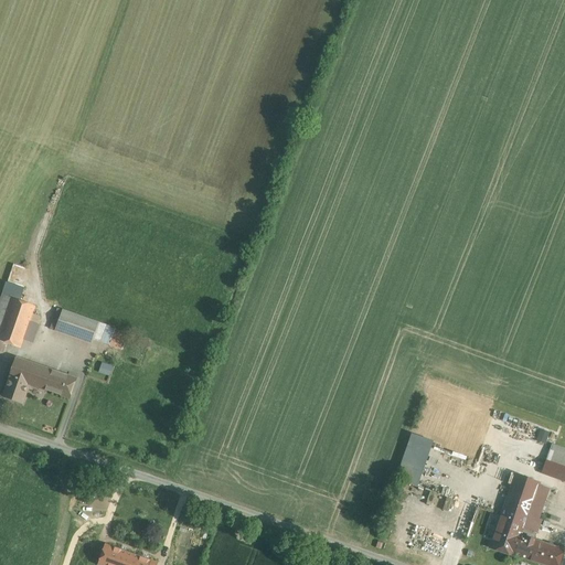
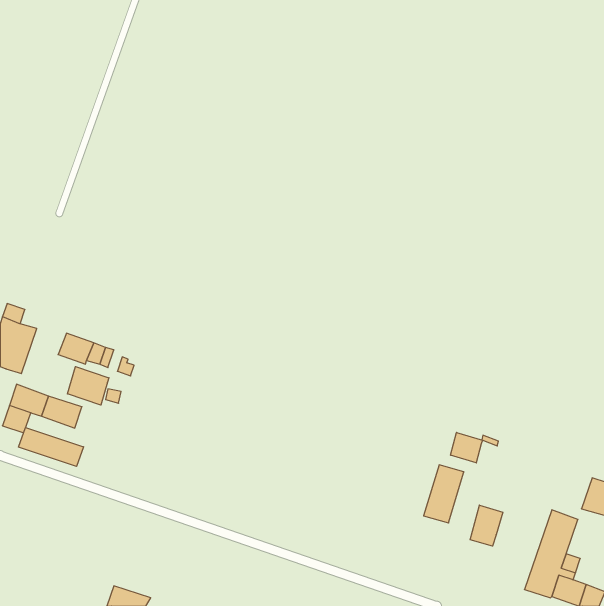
building: none -> [67,367,109,405]
building: none -> [19,428,84,466]
building: none -> [451,432,482,463]
building: none -> [470,505,503,546]

